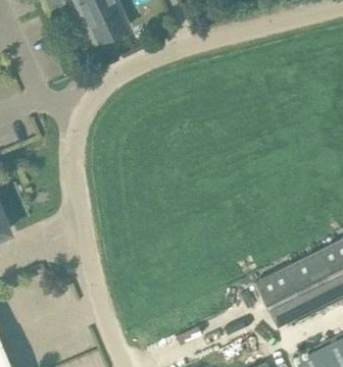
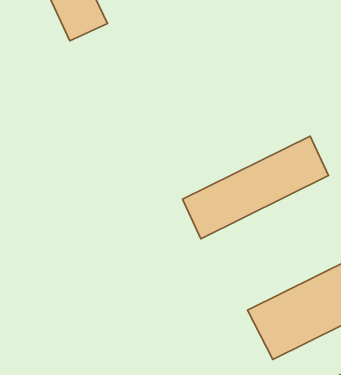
building: none -> [182,136,328,239]

